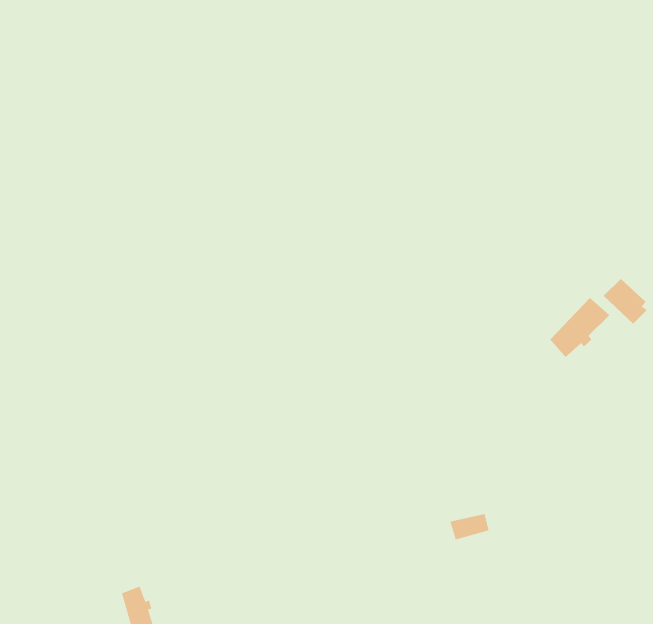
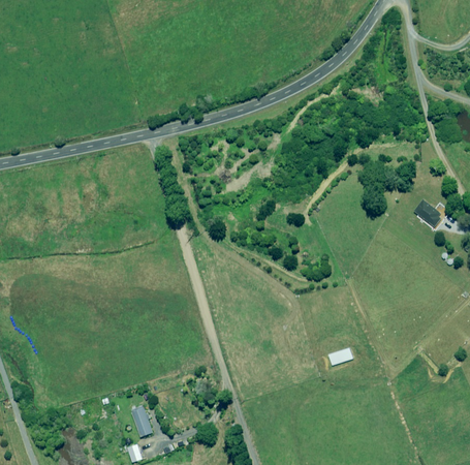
building: [550,297,610,358] -> none

